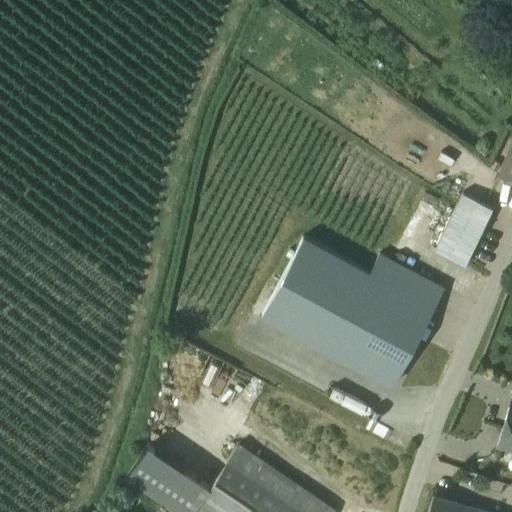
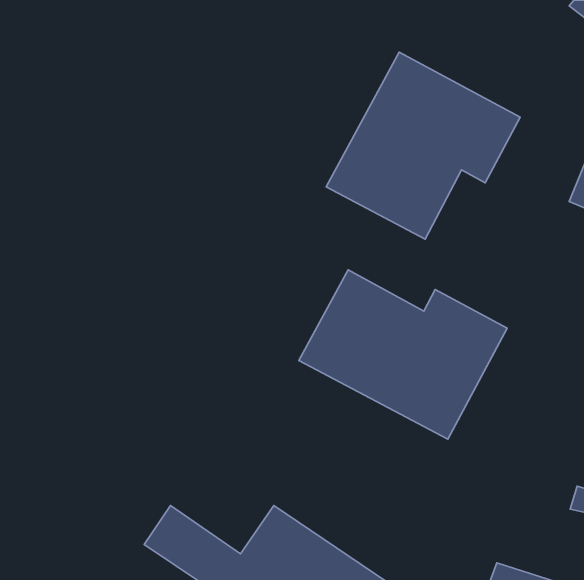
building: none -> [326,52,520,239]
building: [436,198,493,269] -> none

